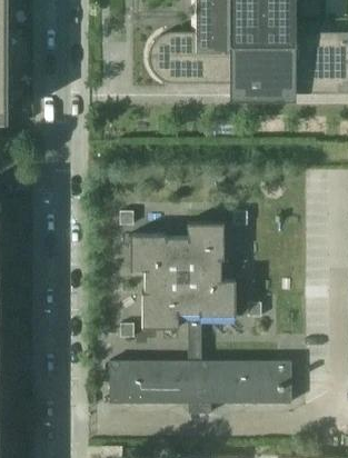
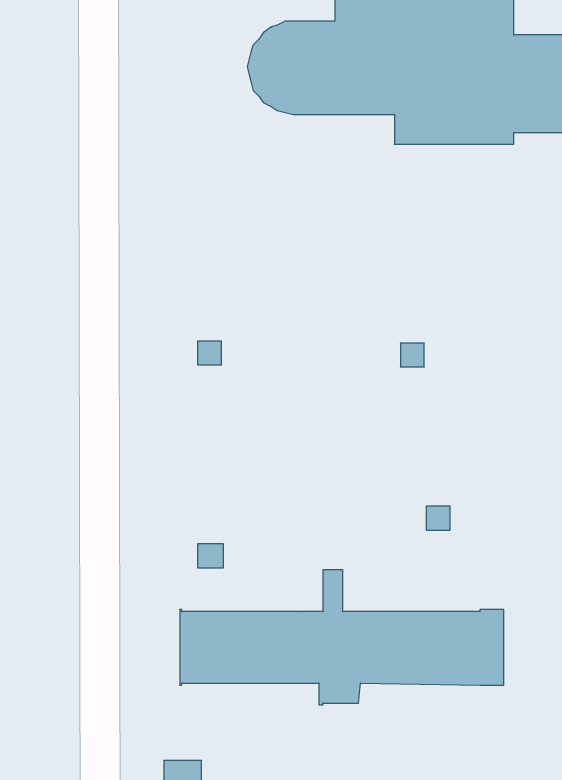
building: [130,221,236,328] -> none

